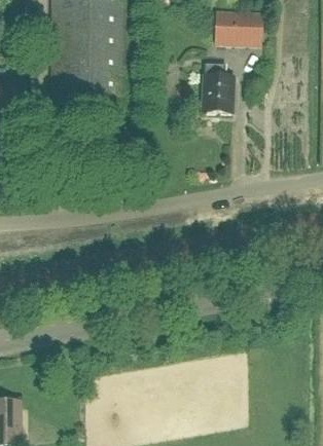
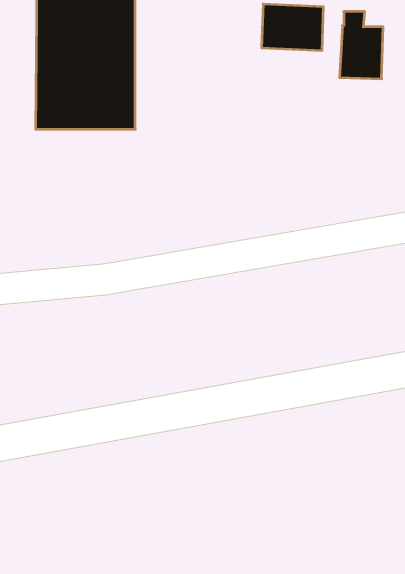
building: [202,63,234,112] -> [340,12,383,79]

